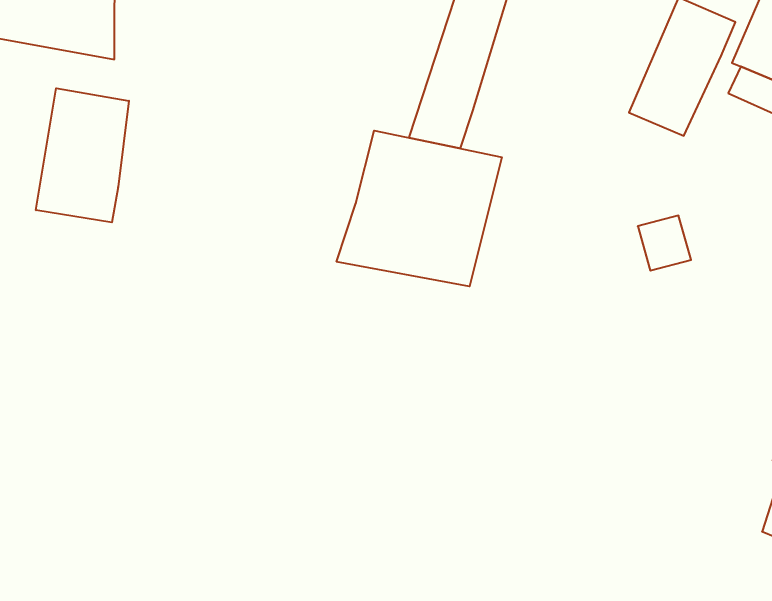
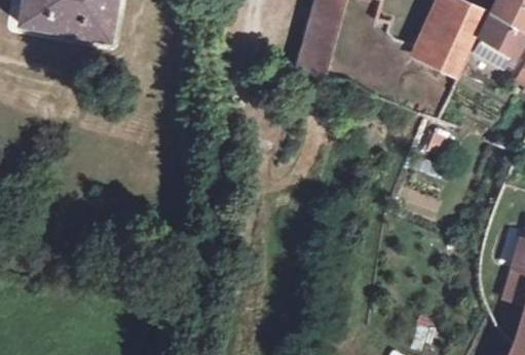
building: [36,88,129,222] -> none
building: [337,131,502,286] -> none

